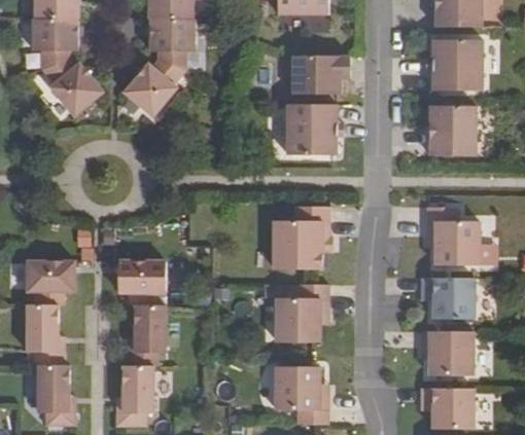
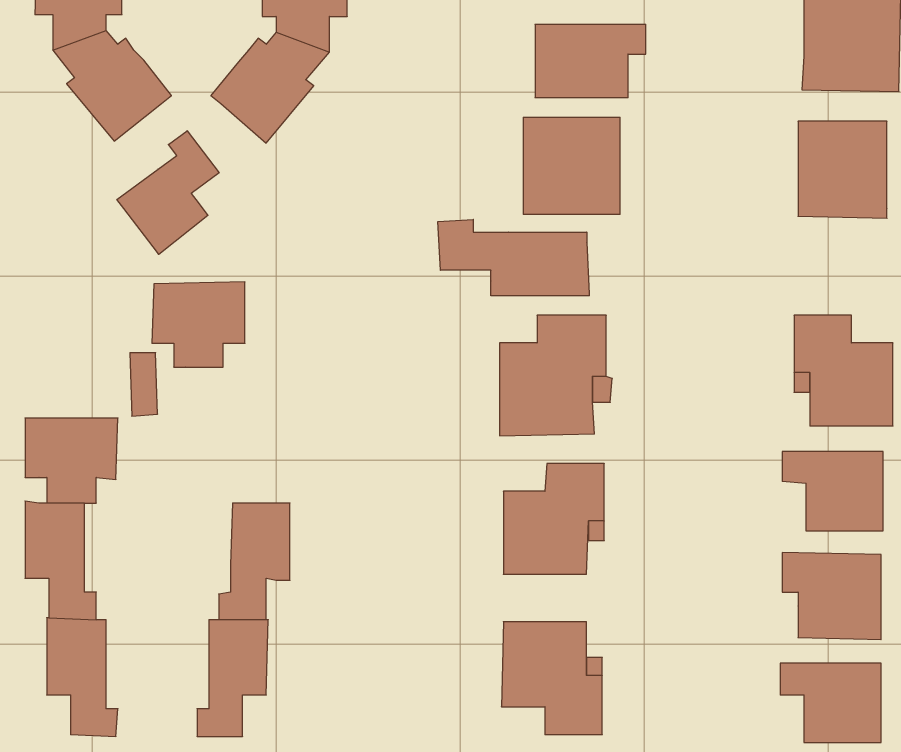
building: none -> [117,131,219,254]
building: none -> [438,219,589,296]
building: [117,260,166,304] -> [152,282,245,367]

